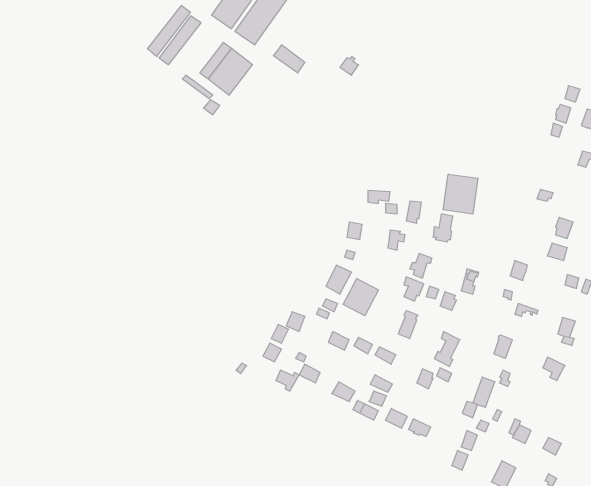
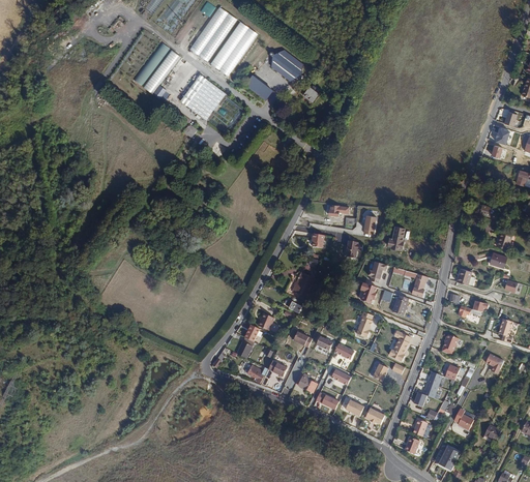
building: none -> [270,50,304,81]
building: [443,174,478,214] -> none
building: [343,278,378,316] -> none

